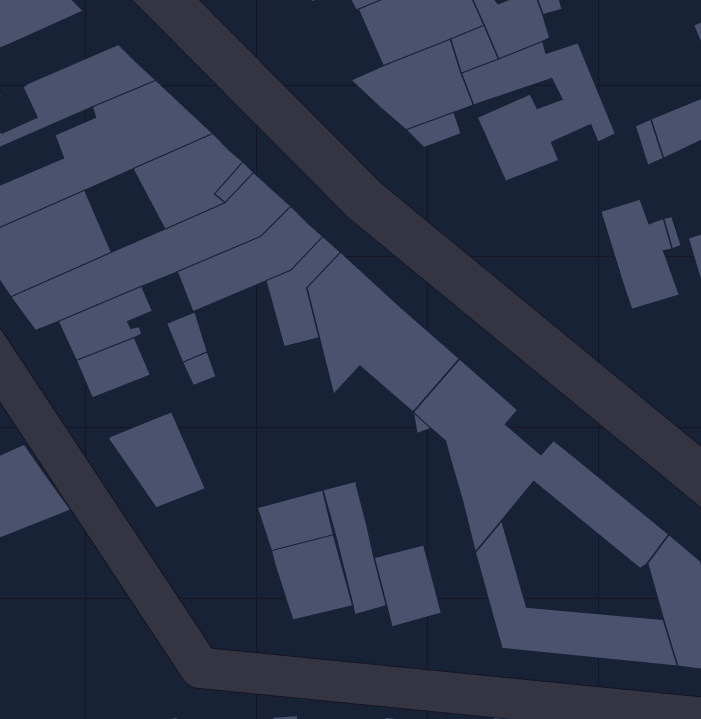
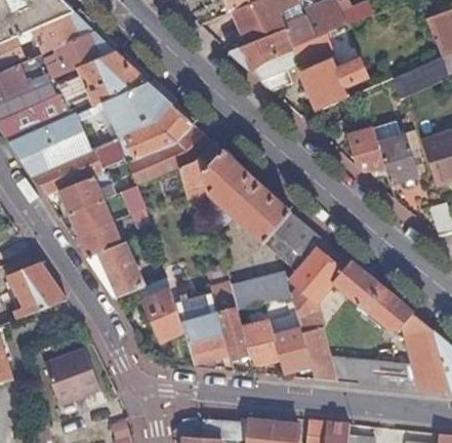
building: none -> [32,10,93,52]
building: none -> [346,127,384,169]
building: none -> [78,220,121,256]
building: none -> [231,270,292,308]
building: none -> [143,288,183,339]
building: none -> [274,327,311,371]
building: none -> [44,347,99,402]

